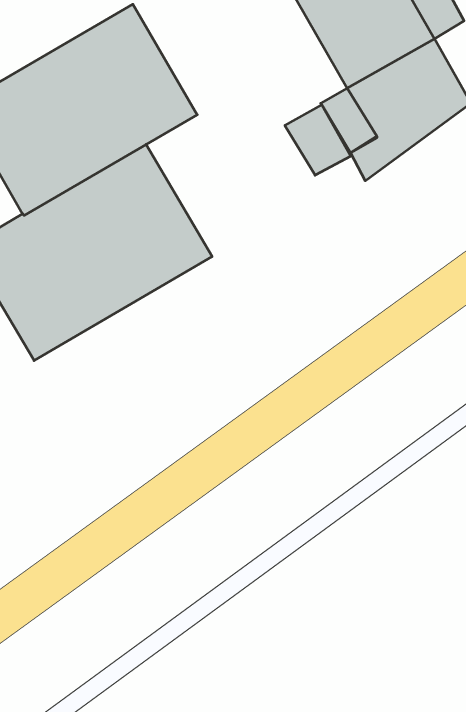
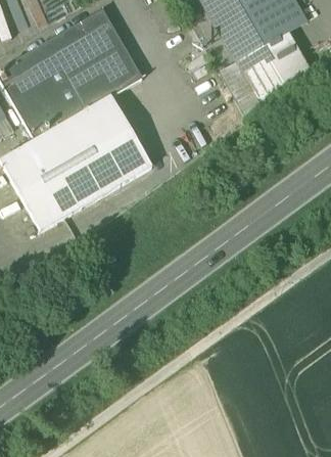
building: [285,105,351,175] -> none

